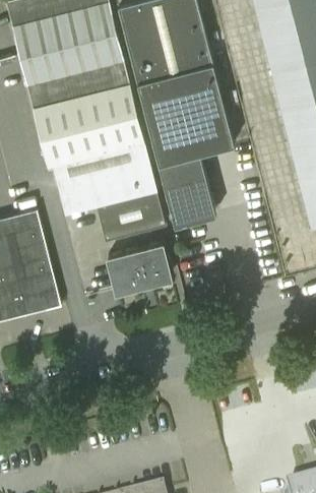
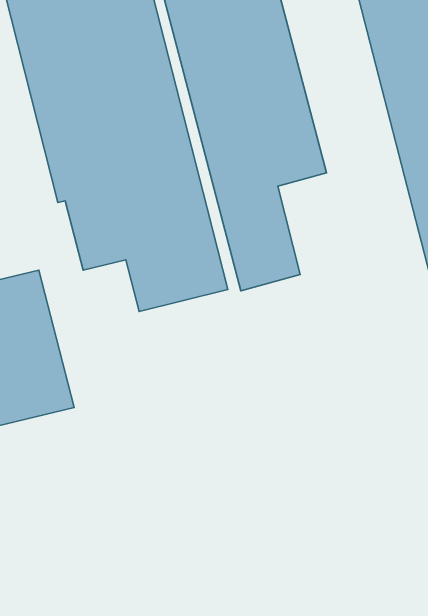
building: [108,244,171,292] -> none

